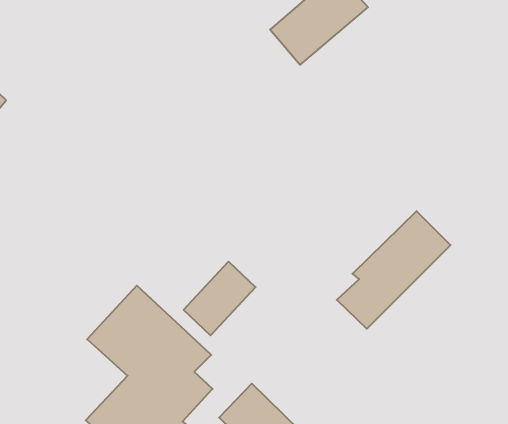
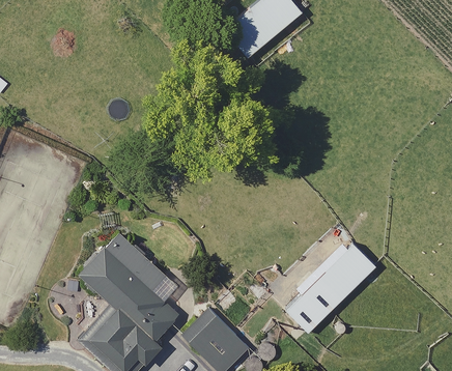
building: [337,211,451,329] -> [285,238,375,332]
building: [184,262,256,335] -> none

